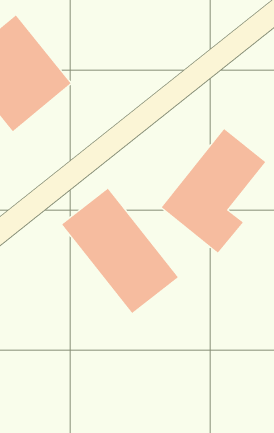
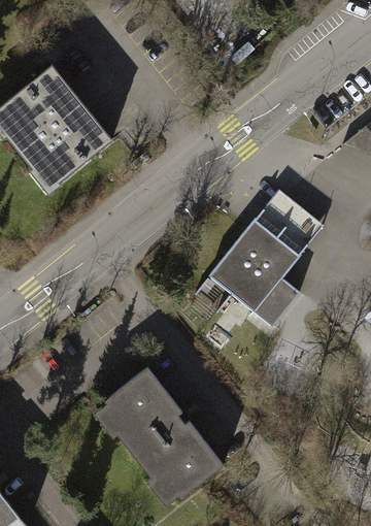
building: [61,188,179,314] -> [95,367,224,505]

